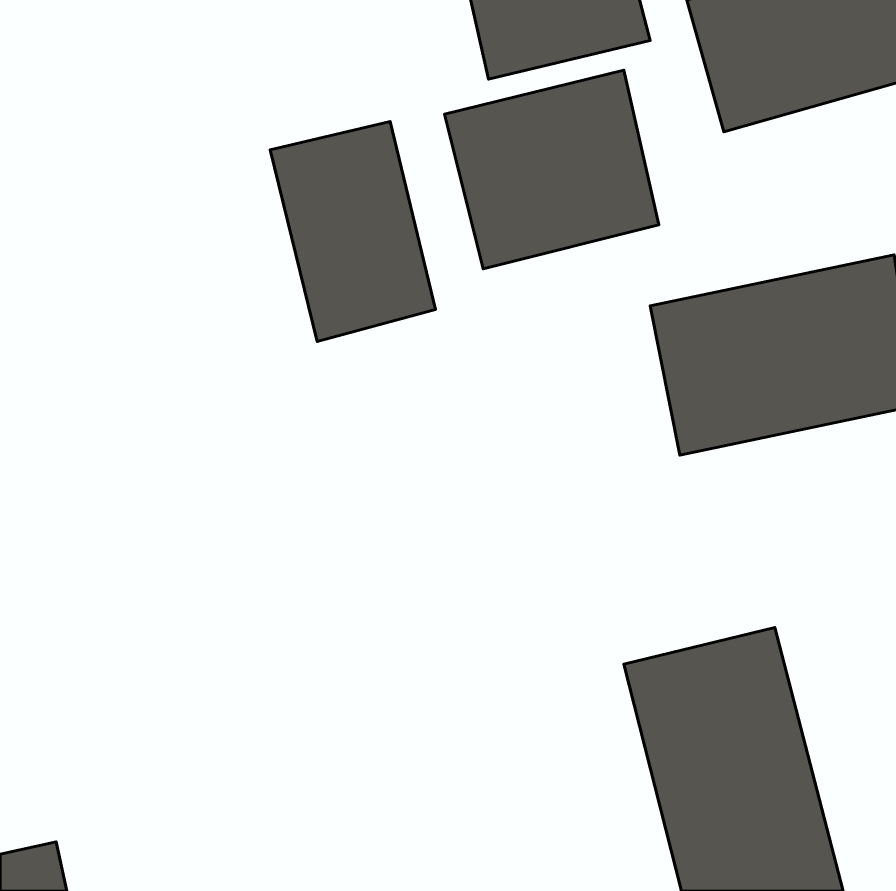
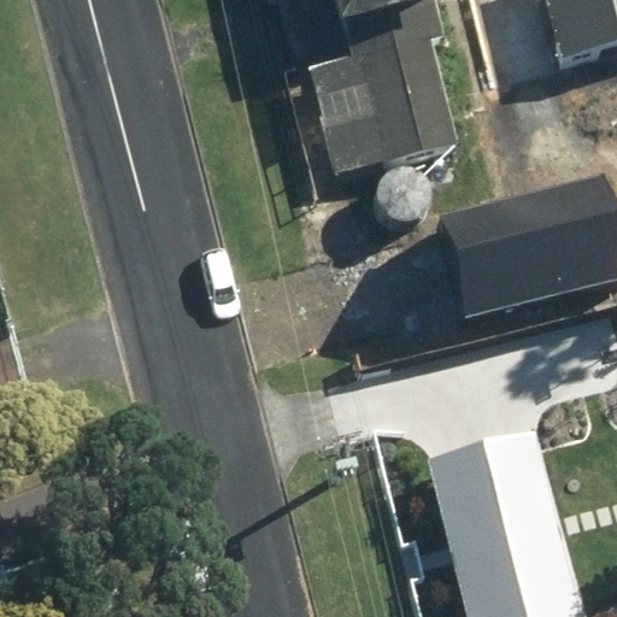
building: [270,121,436,342] -> none

